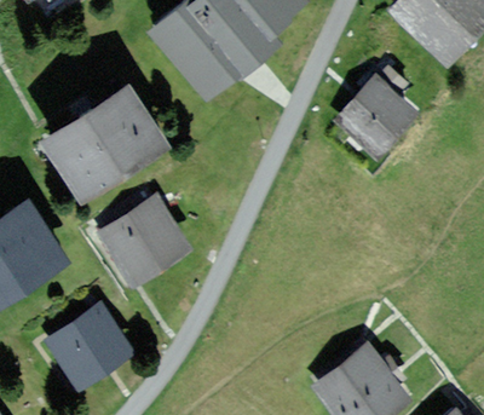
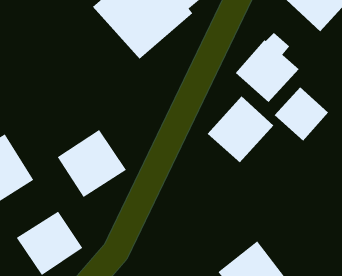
building: [41,86,169,204] -> none
building: none -> [274,86,329,141]
building: none -> [207,96,274,163]

